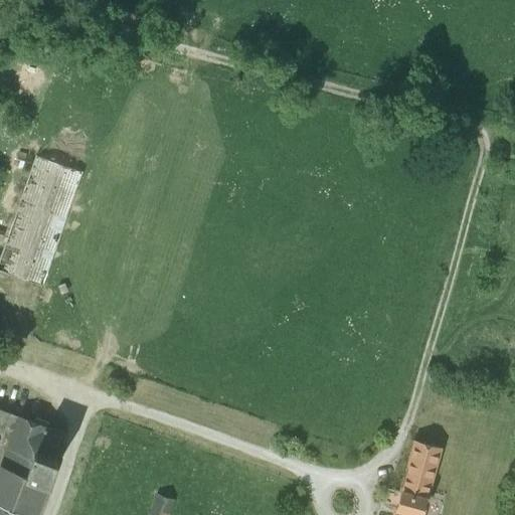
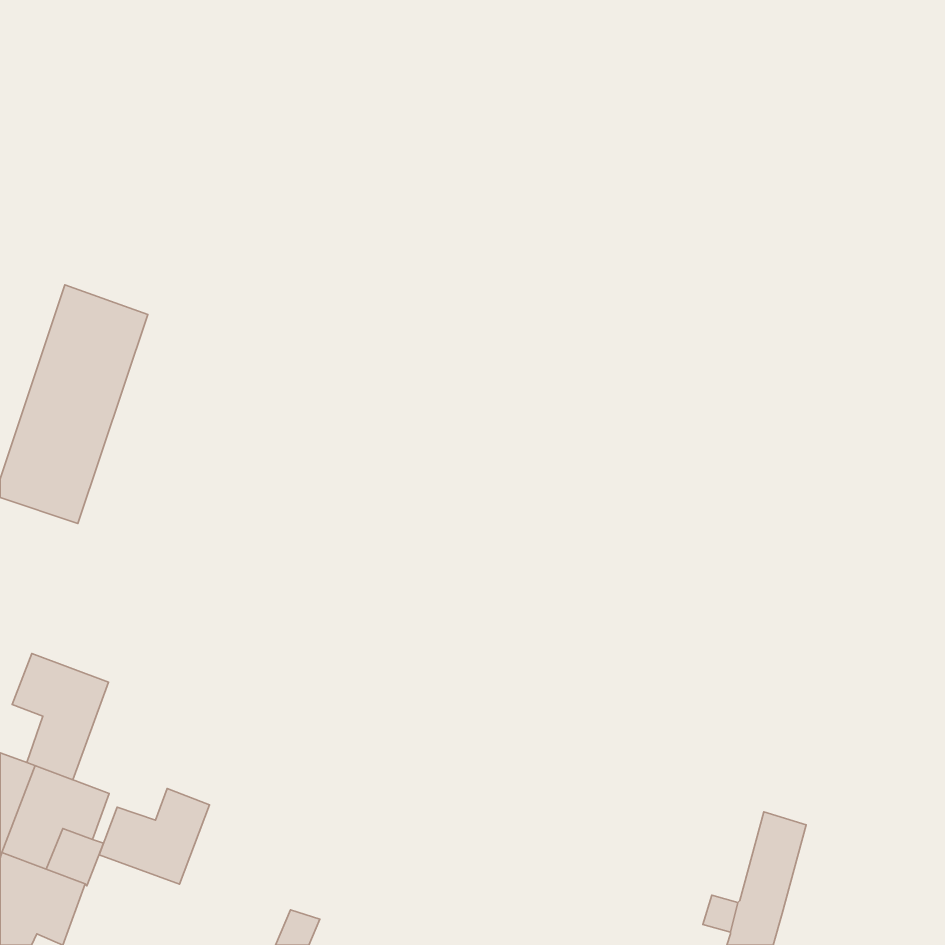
building: none -> [12,653,109,780]
building: none -> [99,788,209,884]

